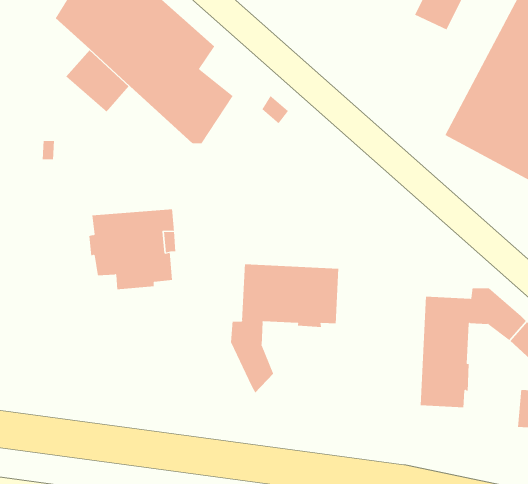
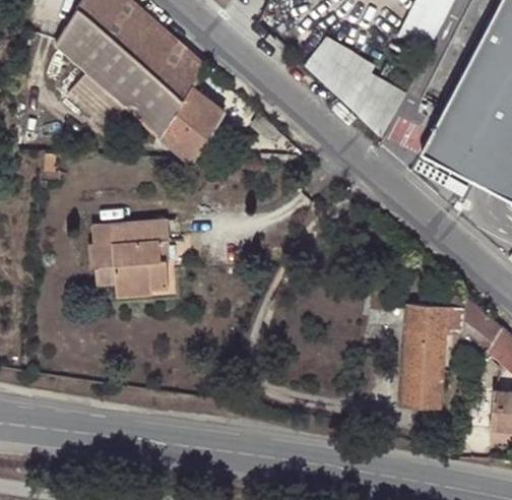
building: none -> [305,34,403,138]
building: [230,264,339,394] -> none

